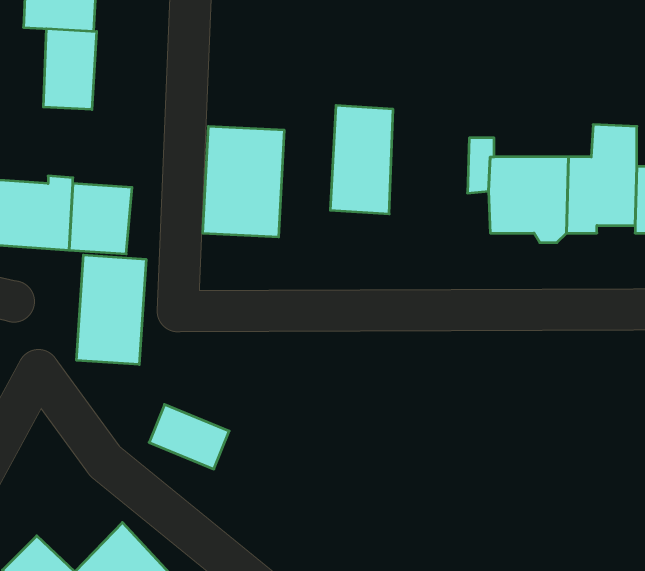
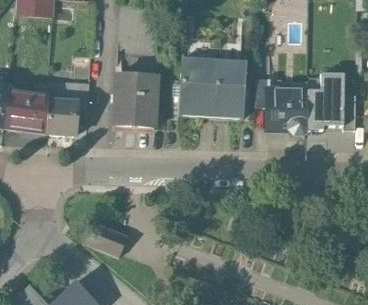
building: [43,29,97,110] -> none
building: none -> [214,61,245,117]
building: [77,255,146,365] -> none

